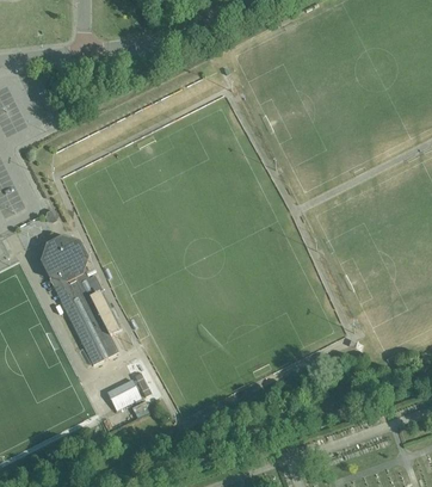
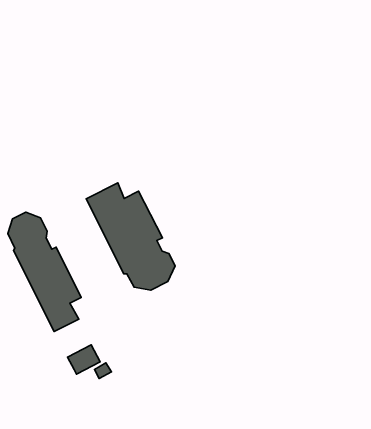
building: none -> [86,183,175,290]

